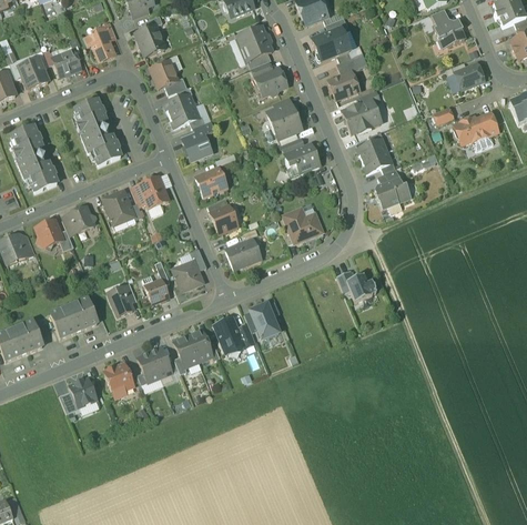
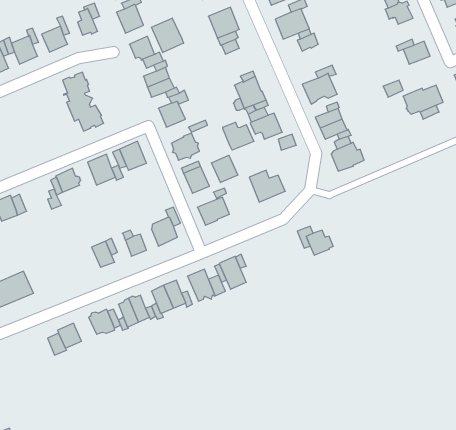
building: none -> [152,18,184,53]
building: [256,69,286,95] -> none
building: [328,71,355,99] -> none
building: [11,125,58,191] -> none
building: none -> [223,122,254,150]
building: none -> [212,155,238,183]
building: [36,219,63,246] -> none
building: [50,297,98,337] -> none

